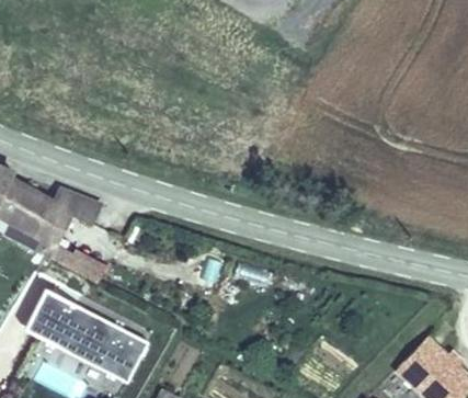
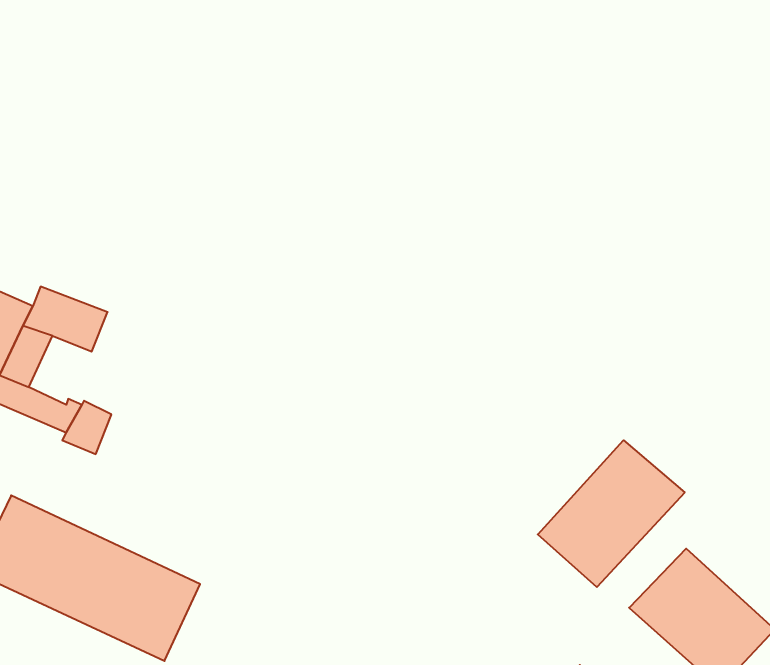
building: none -> [538,440,685,587]

